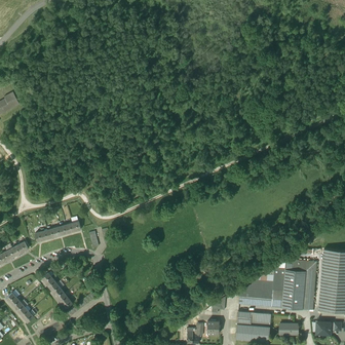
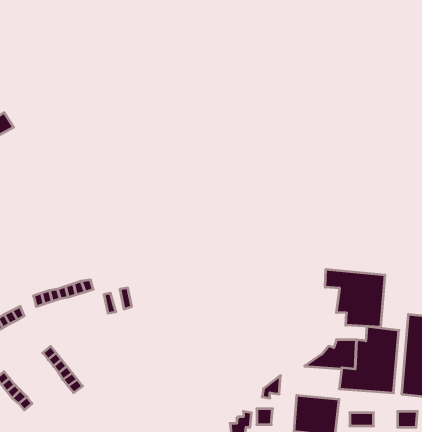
building: none -> [325,269,385,327]
building: [239,288,273,305] -> none

